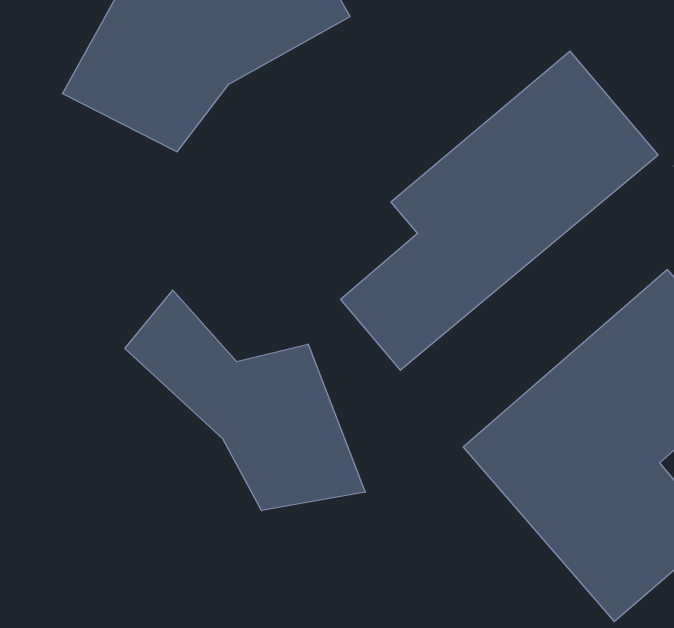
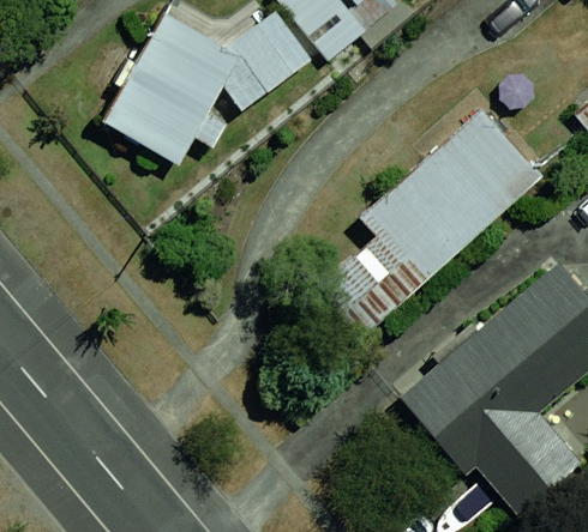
building: [125,290,365,511] -> none

